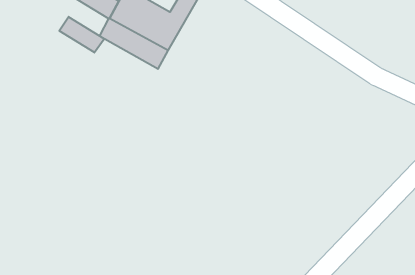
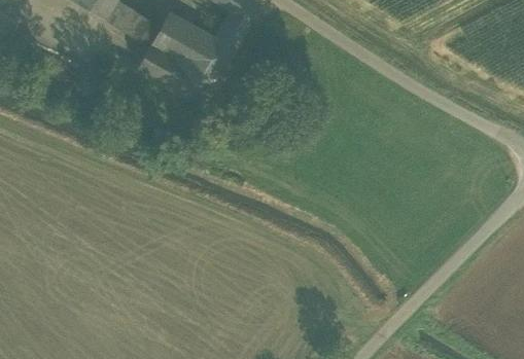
building: [59,17,104,53] -> none

